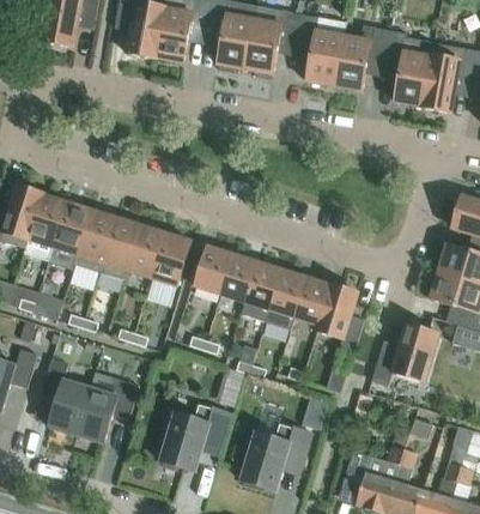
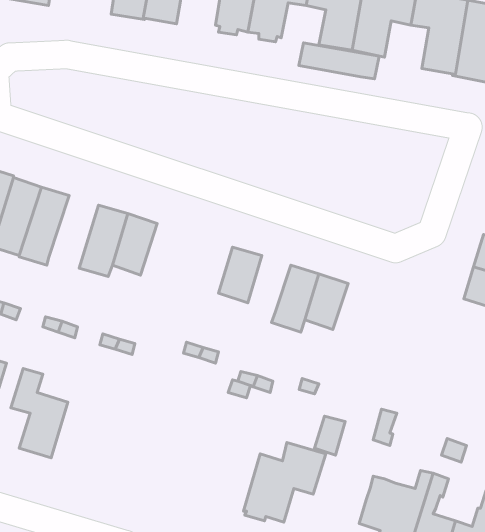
building: none -> [299,43,379,79]
building: [73,210,116,272] -> none
building: [152,234,192,285] -> none
building: [194,246,231,294] -> none
building: [241,261,281,319] -> none
building: [316,284,364,351] -> none
building: [371,323,438,386] -> none
building: [75,371,139,443] -> none
building: [160,403,230,471] -> none

